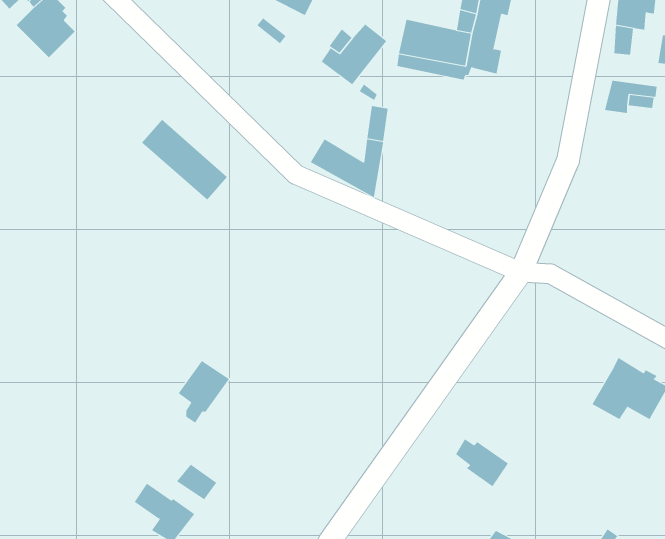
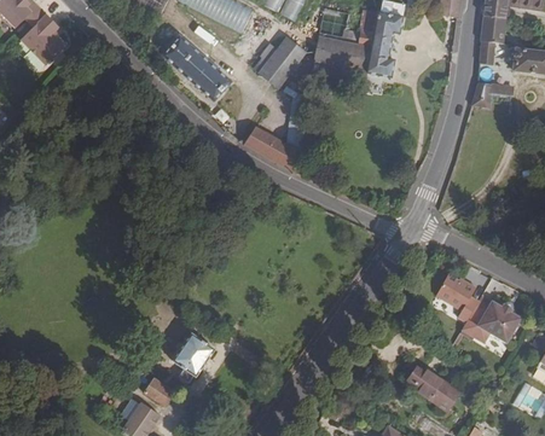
building: [141,119,228,201] -> [163,36,230,99]
building: none -> [436,274,479,322]
building: [178,360,230,423] -> [173,335,213,383]
building: [455,438,509,487] -> [410,367,451,405]

